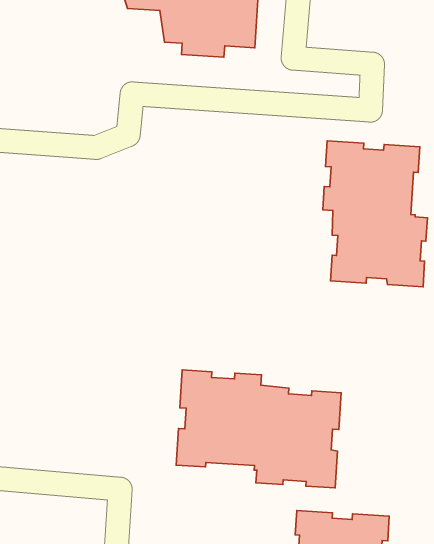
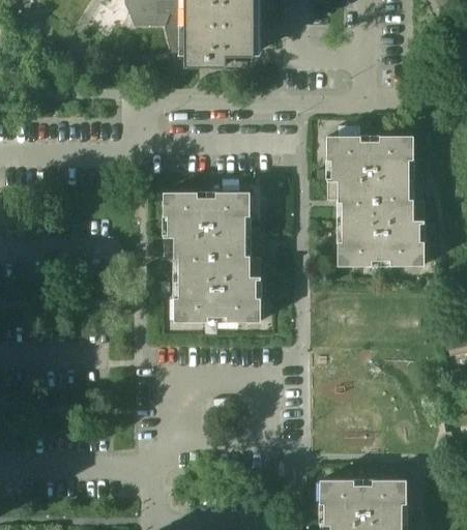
building: none -> [164,194,260,322]
building: [176,370,341,488] -> none

